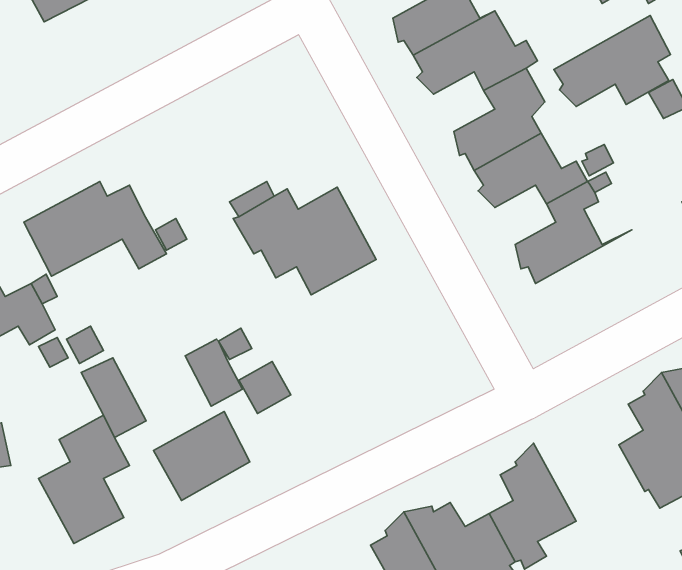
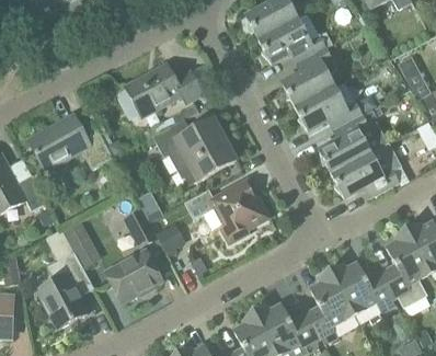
building: [554,16,671,107] -> [331,142,400,196]
building: none -> [125,64,203,116]
building: none -> [185,183,264,242]
building: none -> [330,262,395,314]

